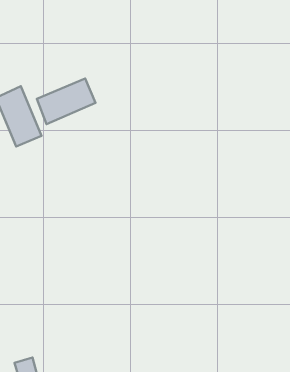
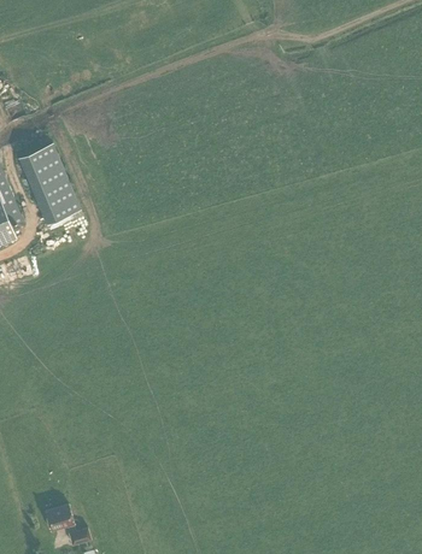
building: [37,78,96,124] -> none

